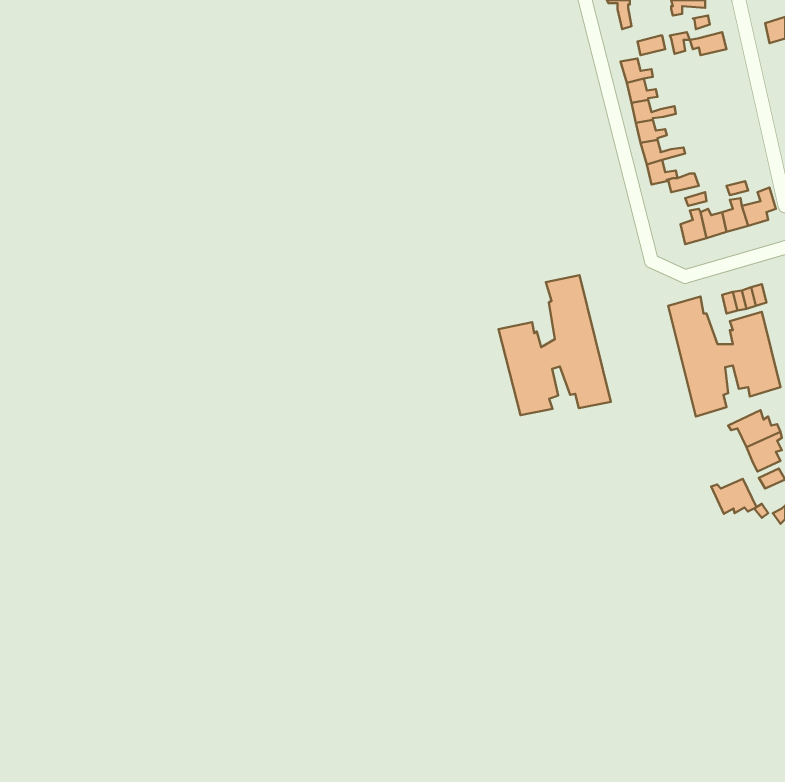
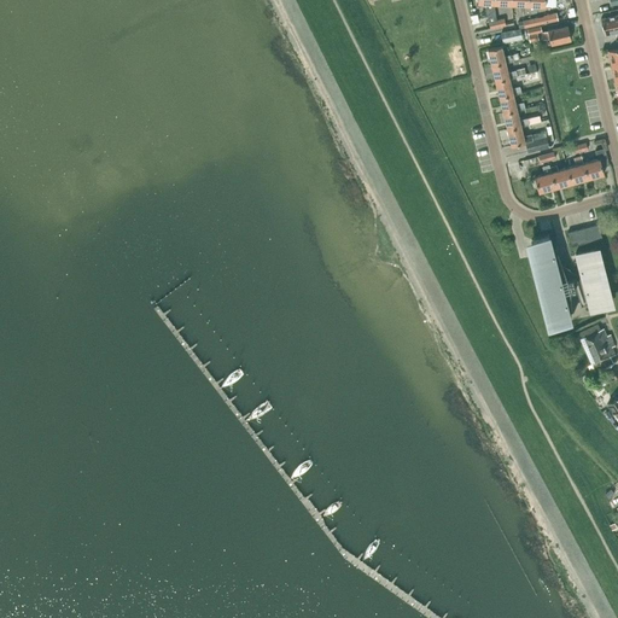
building: [498,275,611,415] -> none
building: [711,479,756,514] -> none

